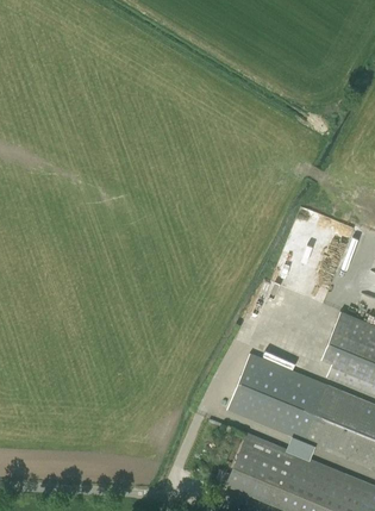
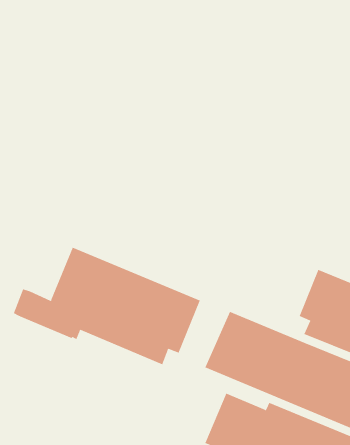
building: none -> [13,247,201,365]

